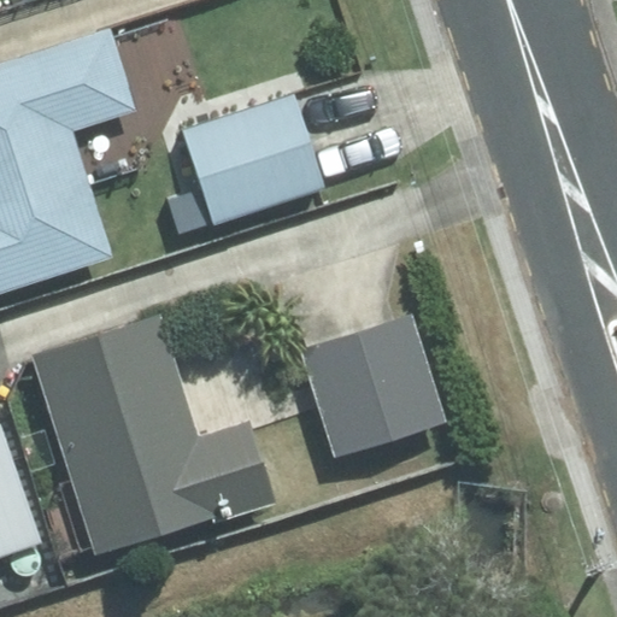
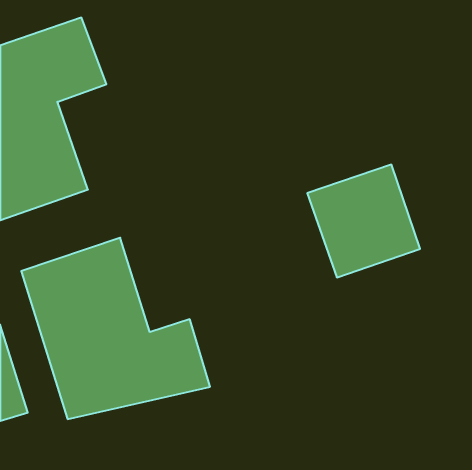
building: [174,88,330,225] -> none
building: [296,316,443,463] -> [307,165,420,277]

